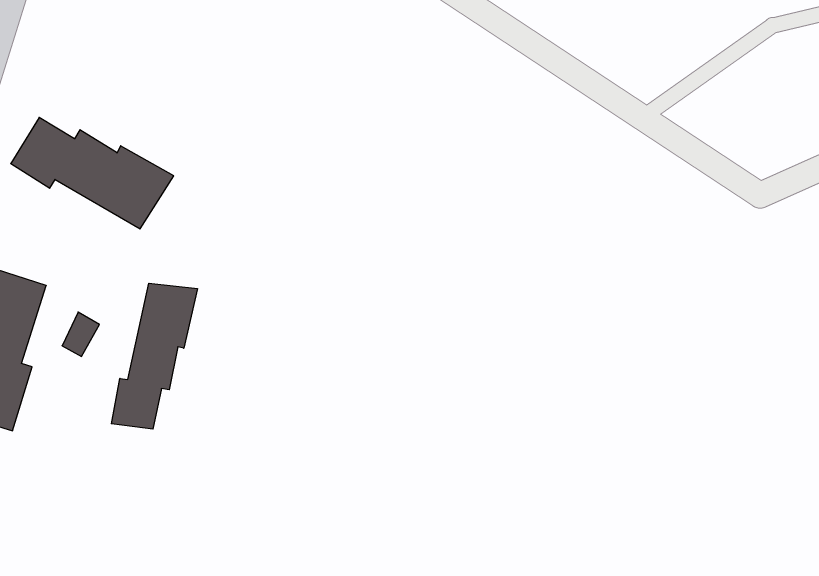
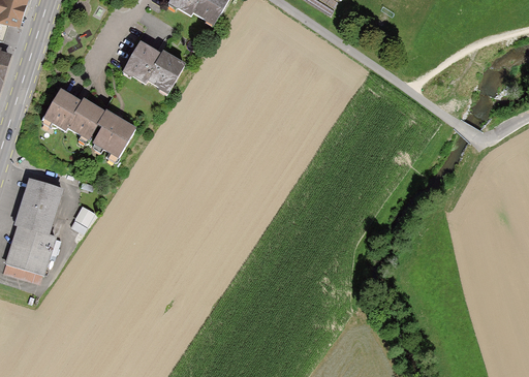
building: none -> [122,41,184,91]
building: [111,283,197,429] -> none

